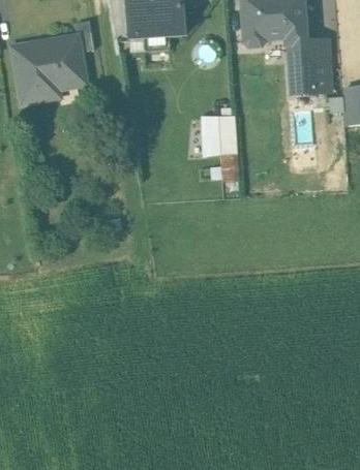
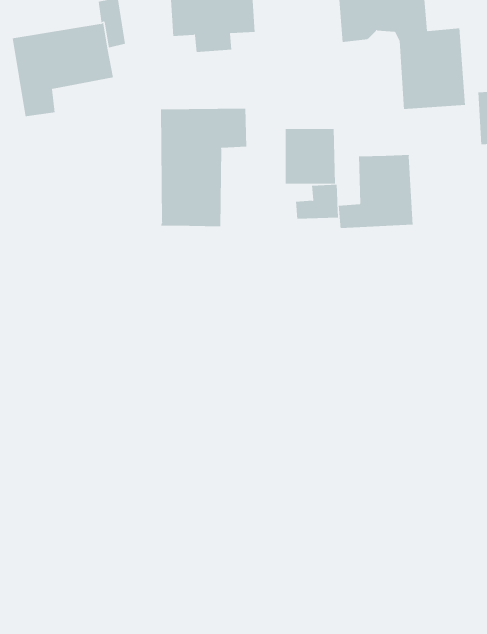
building: none -> [161,108,247,227]
building: none -> [338,154,413,229]

